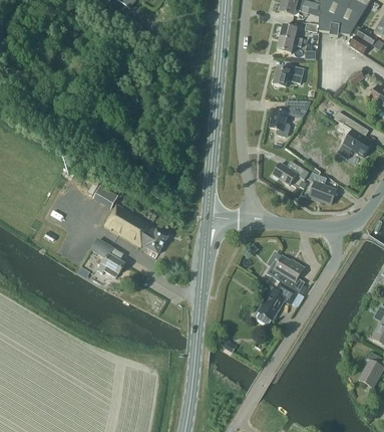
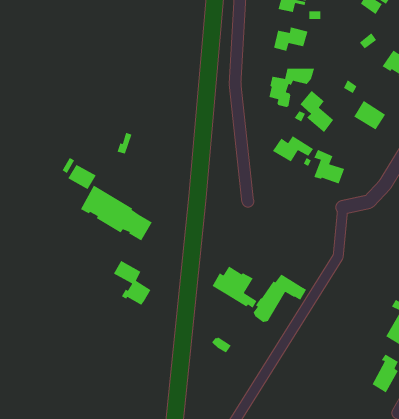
building: none -> [299,90,334,133]
building: [90,237,124,277] -> [113,260,152,306]
building: [267,255,307,293] -> [212,265,257,309]

